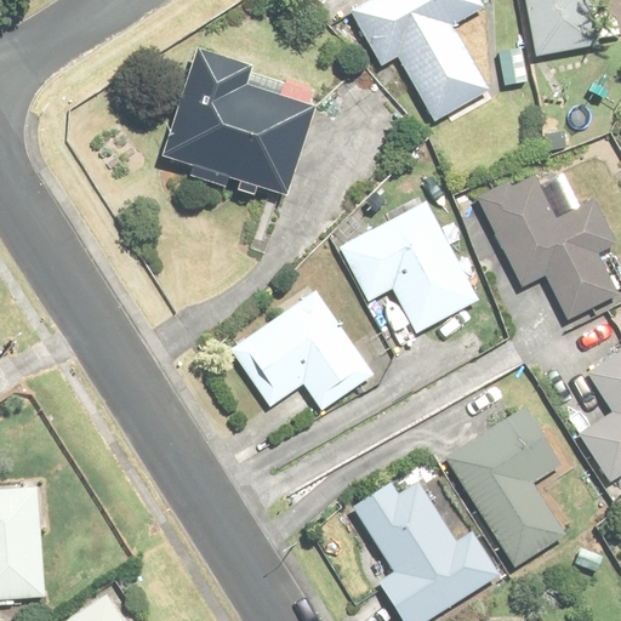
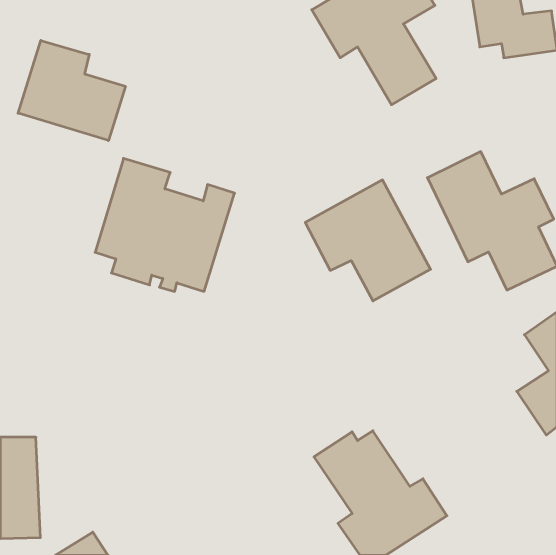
building: none -> [18,40,125,141]
building: [166,47,321,195] -> [95,158,235,291]
building: [228,289,375,411] -> none
building: [443,405,564,564] -> none

